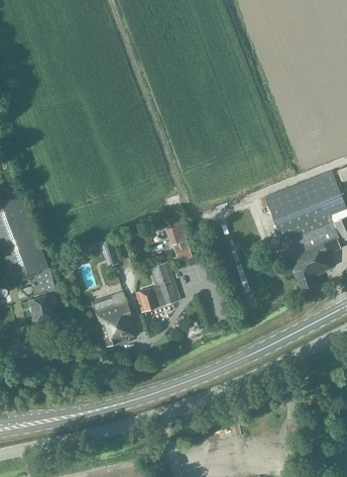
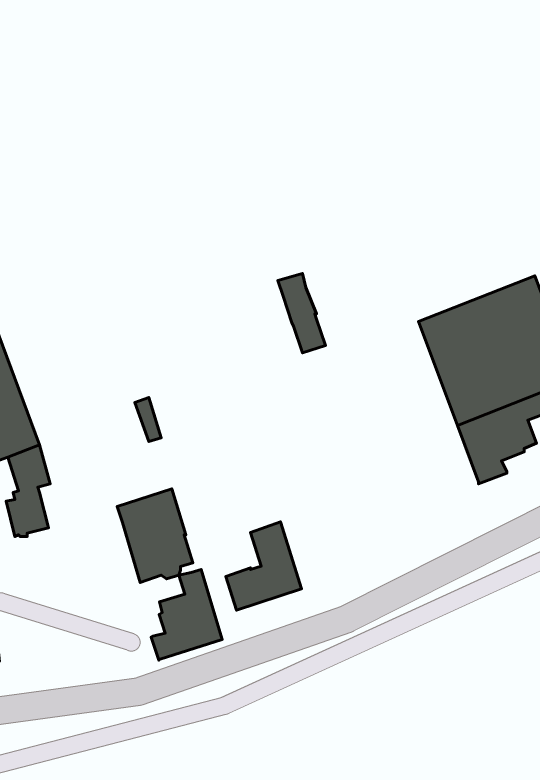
building: [164,215,192,261] -> [278,273,325,353]
building: [136,261,180,311] -> [226,522,302,610]
building: none -> [151,569,222,660]

